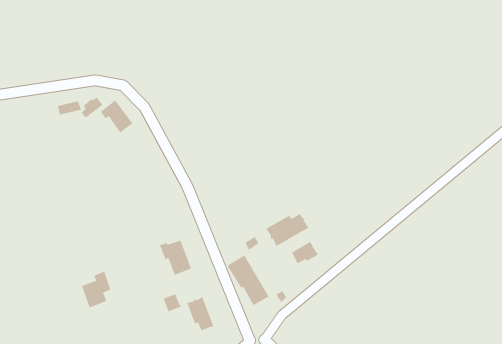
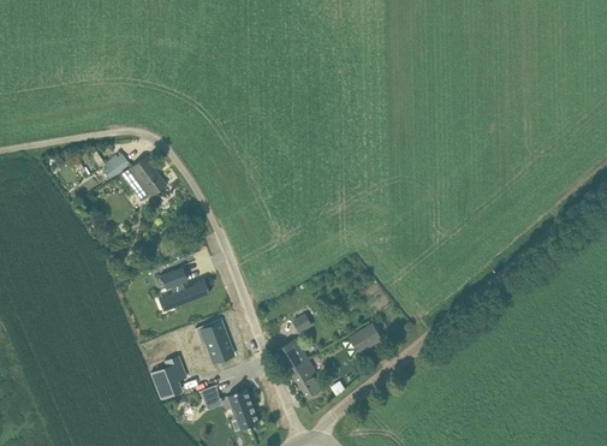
building: none -> [160,270,208,307]
building: [265,209,309,247] -> none
building: [81,271,112,308] -> [149,355,185,398]

